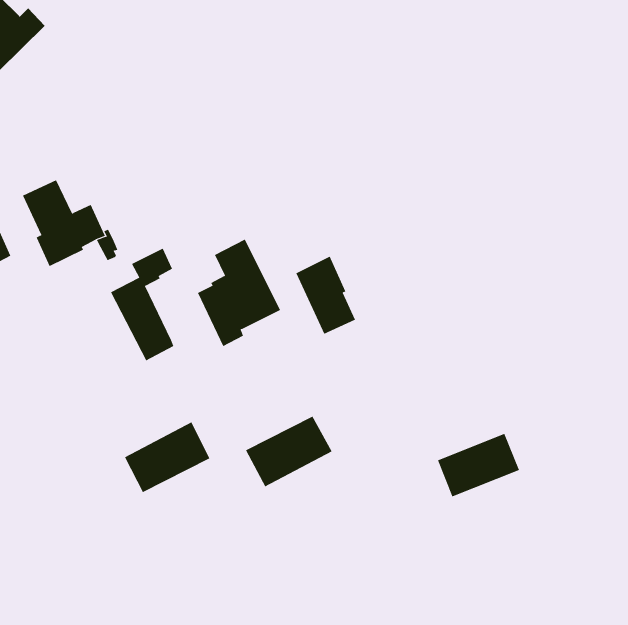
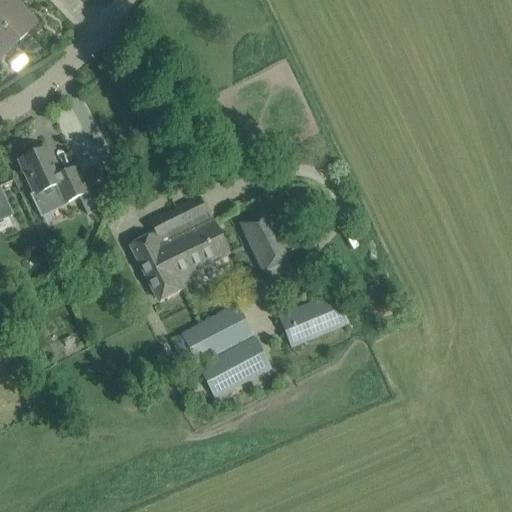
building: [110,248,174,361] -> [131,207,183,299]
building: [124,421,210,493] -> [182,304,252,362]
building: [437,433,520,497] -> [279,293,346,345]

